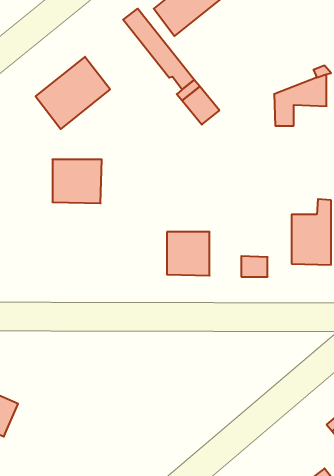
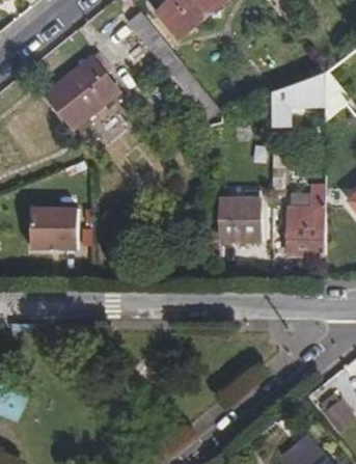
building: [52,159,102,203] -> [30,208,77,249]
building: [167,232,210,276] -> [220,199,261,241]

